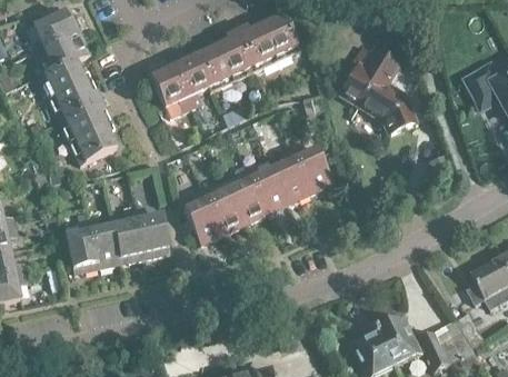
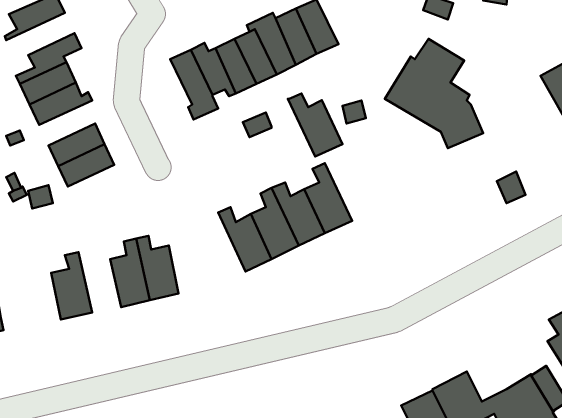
building: [30,23,86,62] -> none
building: [147,61,181,107] -> none
building: [57,95,107,131] -> none
building: [289,141,333,192] -> [288,93,342,156]
building: [185,186,225,244] -> none
building: [89,216,123,267] -> none

